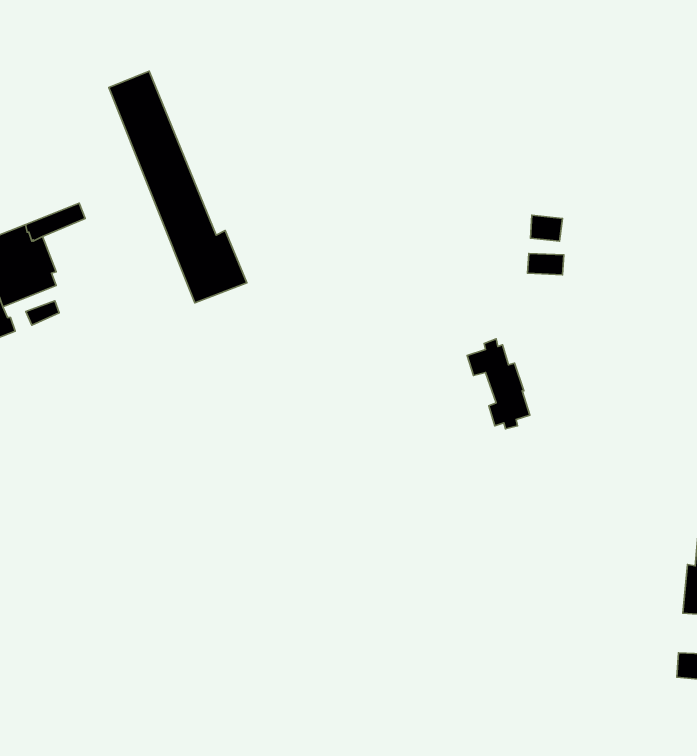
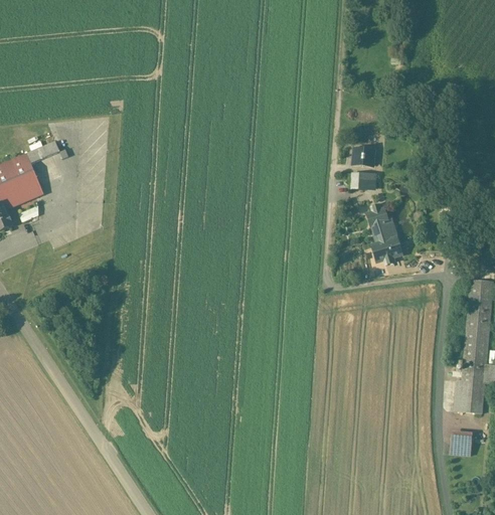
building: [109,71,247,303] -> none
building: [467,339,530,429] -> [360,203,401,263]

